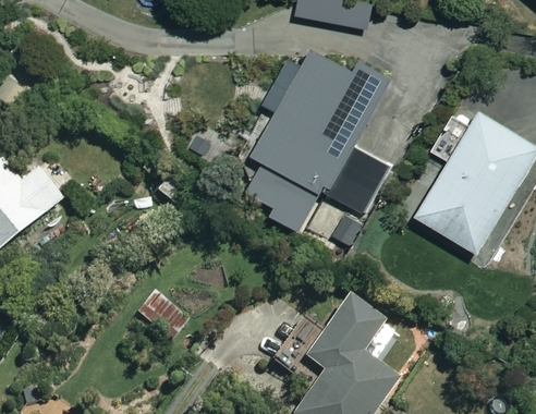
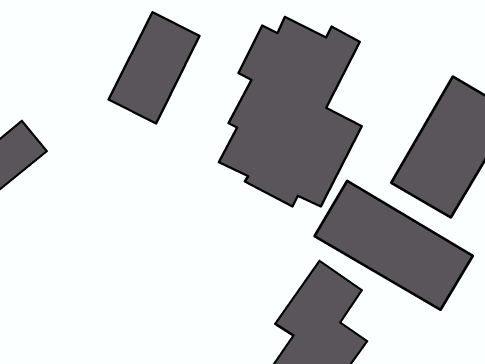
building: none -> [108,12,199,123]
building: none -> [314,181,473,310]

